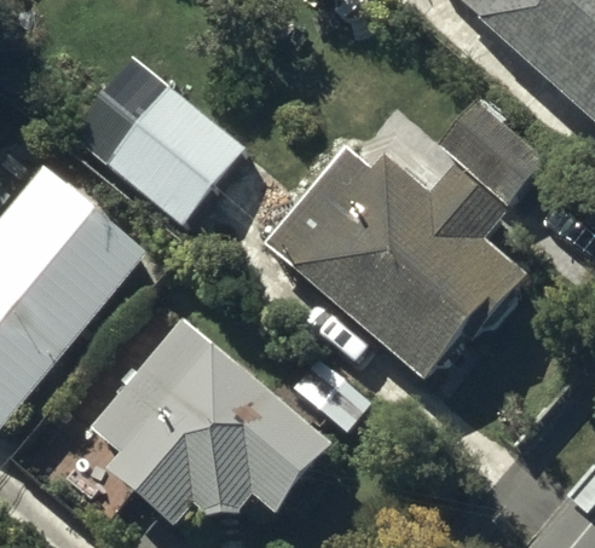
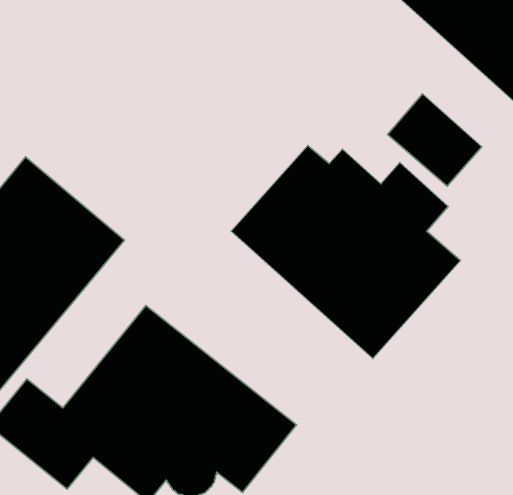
building: [70,56,253,232] -> none

